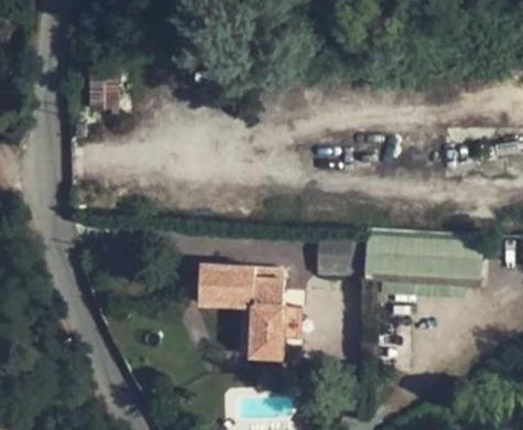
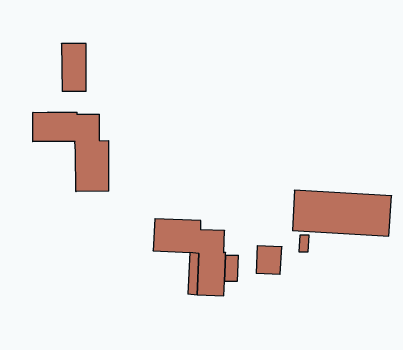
building: none -> [33,112,109,192]
building: [319,239,350,273] -> [256,246,282,274]

